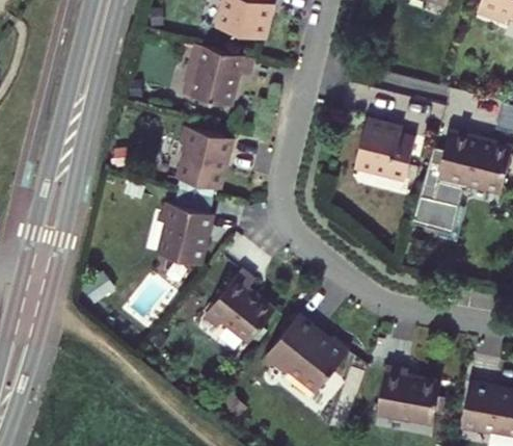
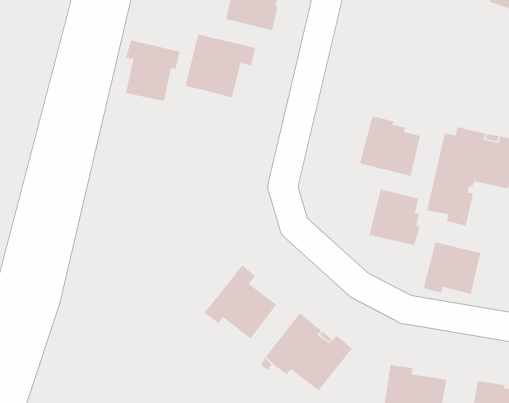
building: [179,128,233,188] -> [125,40,180,102]
building: none -> [369,189,420,246]
building: [162,203,214,266] -> none
building: none -> [423,241,481,295]

